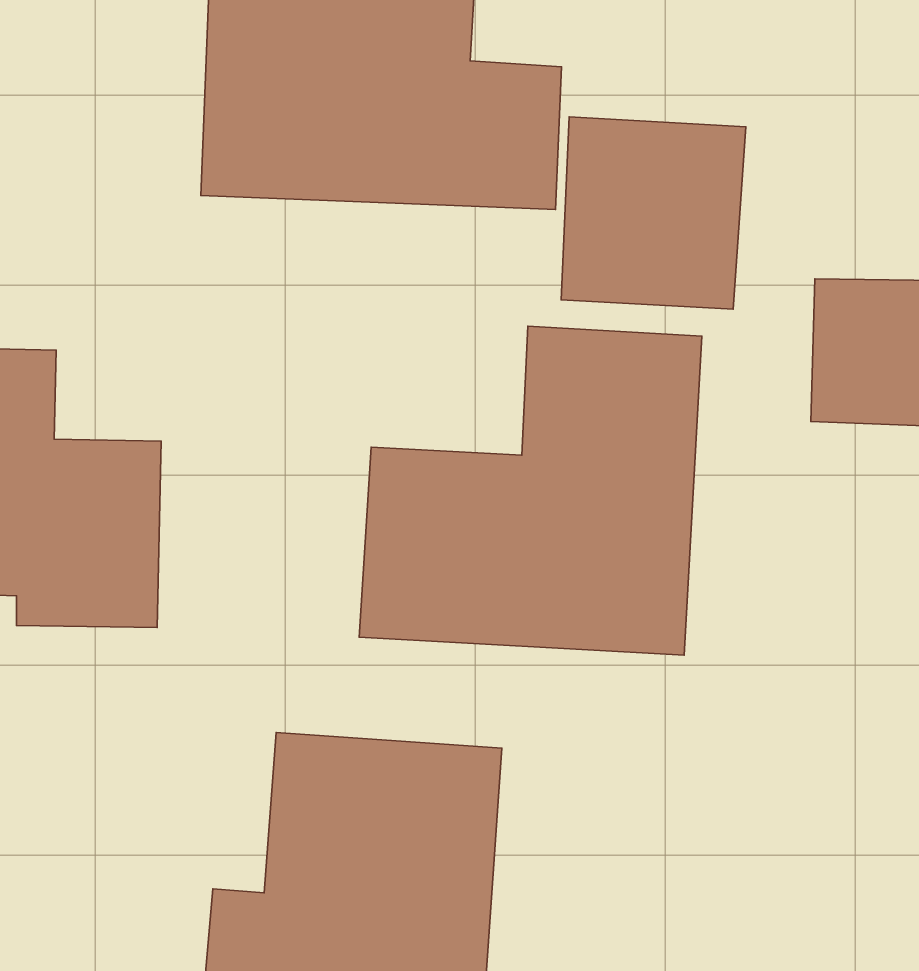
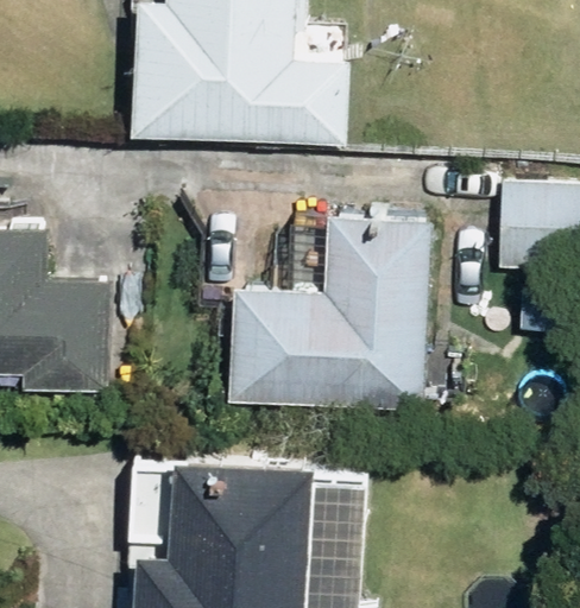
building: [561,117,746,309] -> none

